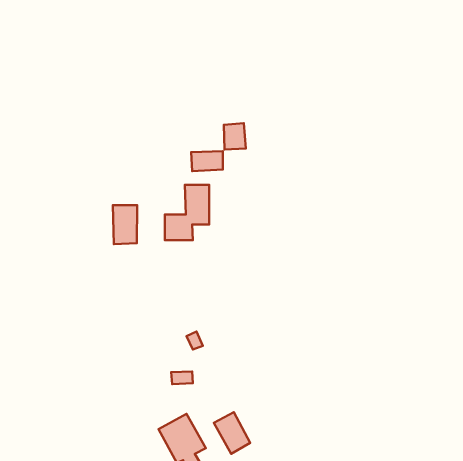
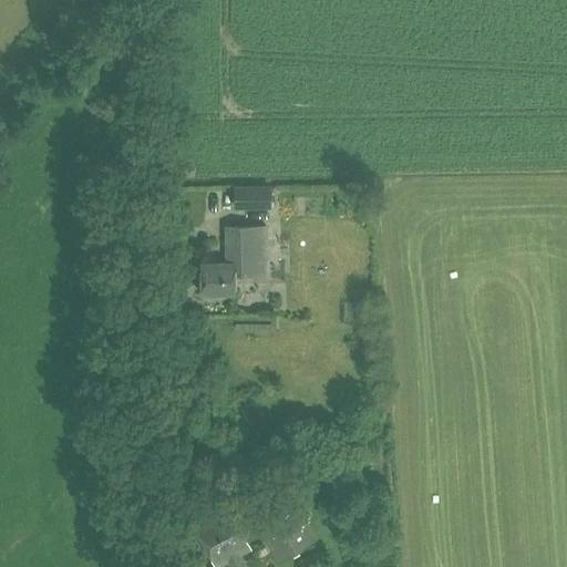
building: [224,123,246,150] -> none
building: [113,205,137,244] -> none

